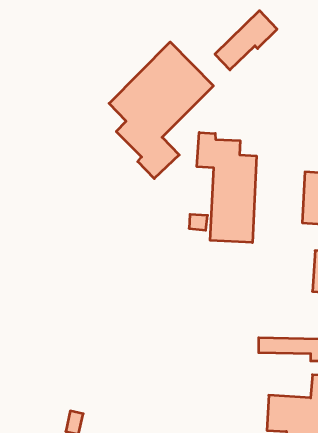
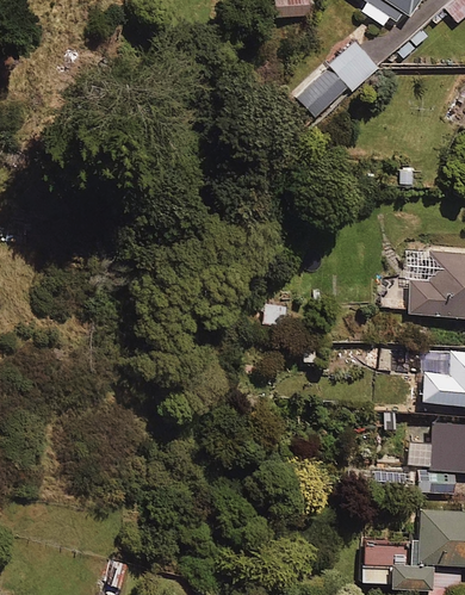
building: [109,42,213,179] -> none
building: [197,132,256,243] -> none

